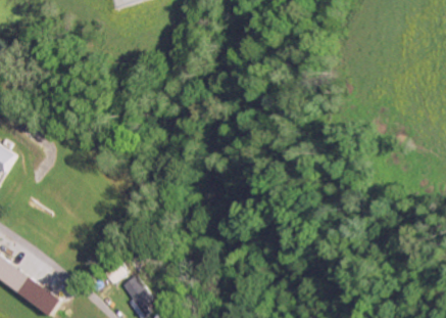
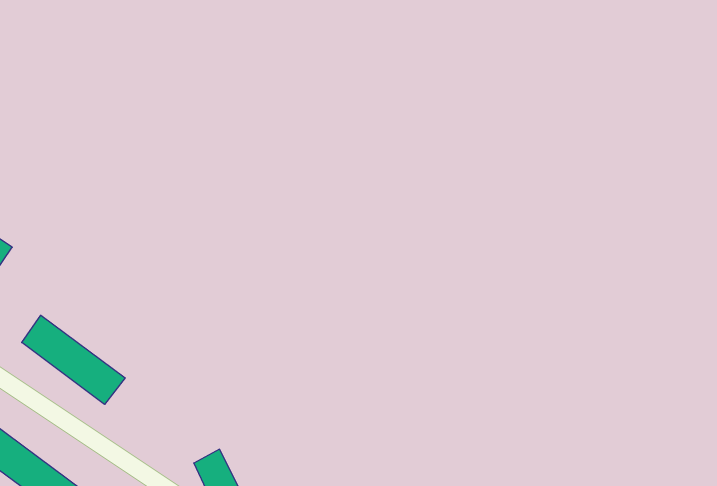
building: none -> [22,315,125,404]

